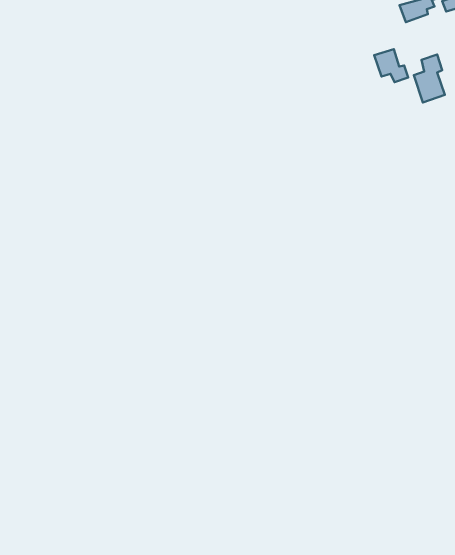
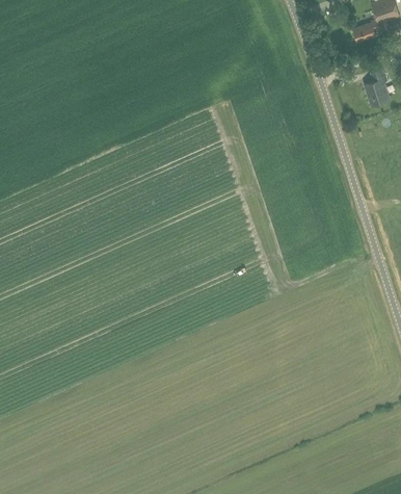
building: [374,49,408,82] -> none

